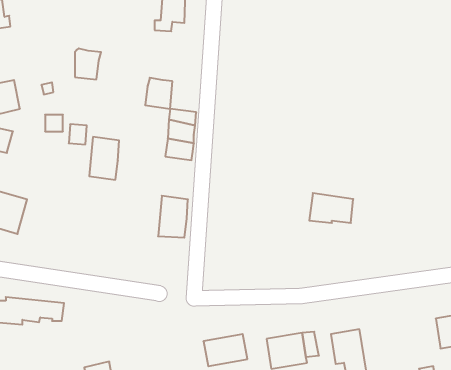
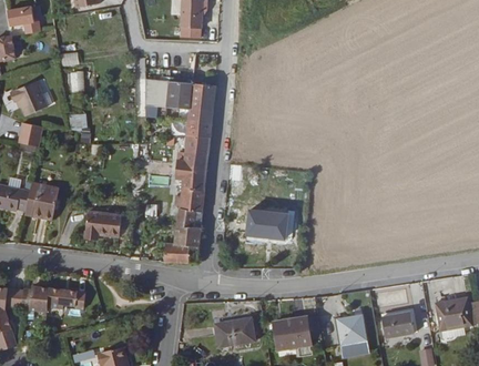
building: [75,48,101,79] -> [144,77,169,105]
building: none -> [187,83,214,112]
building: [89,137,119,180] -> [180,153,207,193]
building: [309,193,353,223] -> [248,210,289,237]
building: none -> [84,215,121,240]
building: none -> [164,227,201,266]
building: none -> [384,313,415,339]

